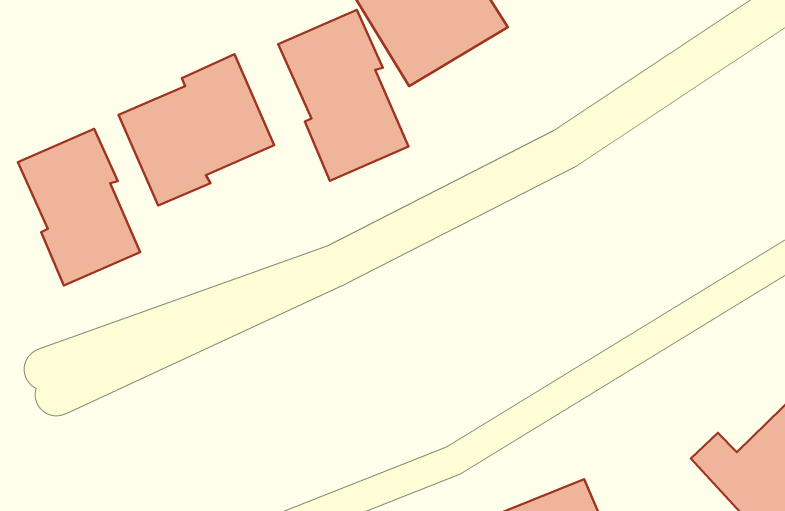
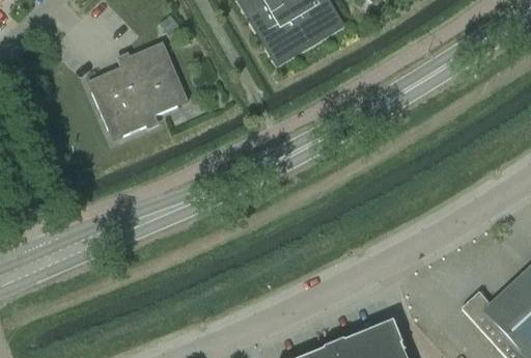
building: [278,10,408,181] -> none
building: [18,129,140,286] -> none

